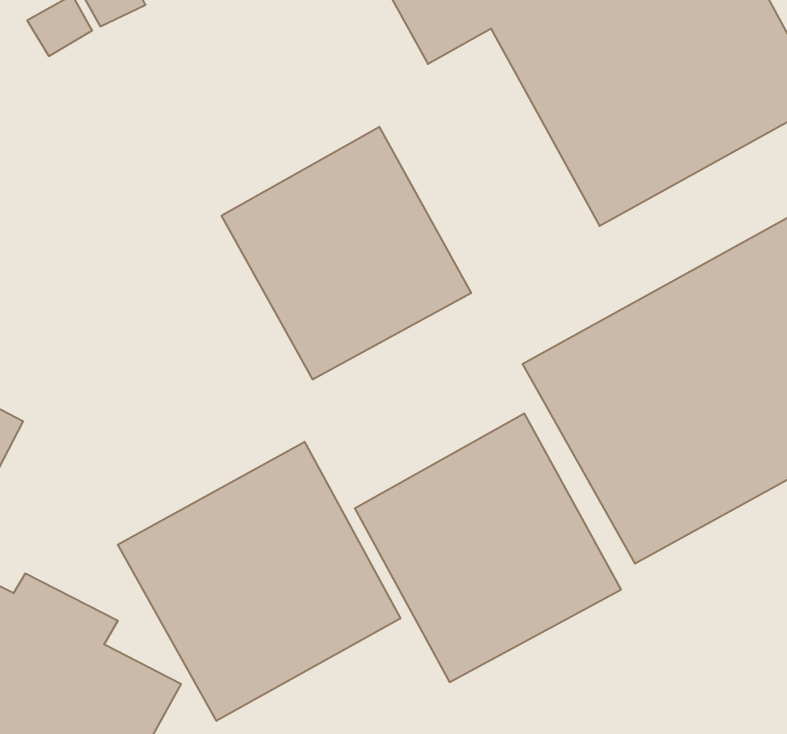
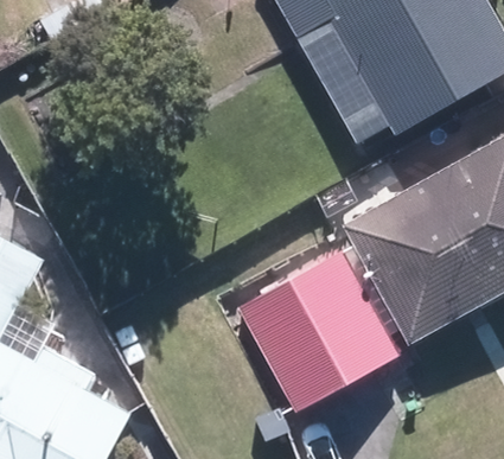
building: [222,127,471,380] -> none
building: [118,442,400,721] -> none

